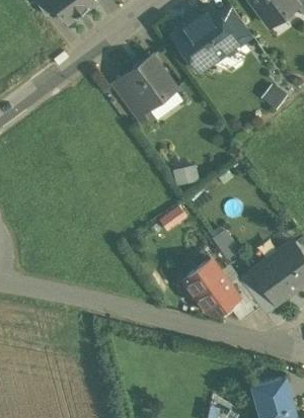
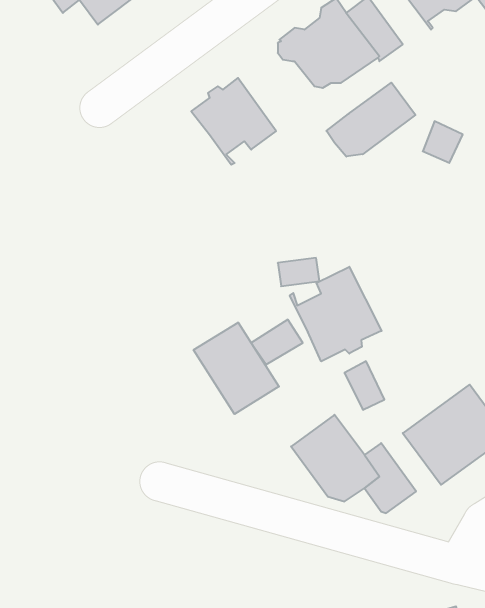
building: none -> [326,83,415,157]
building: [111,77,153,124] -> none
building: none -> [290,267,382,361]
building: none -> [194,322,279,414]

